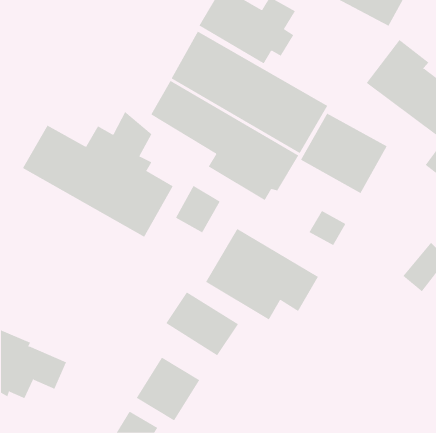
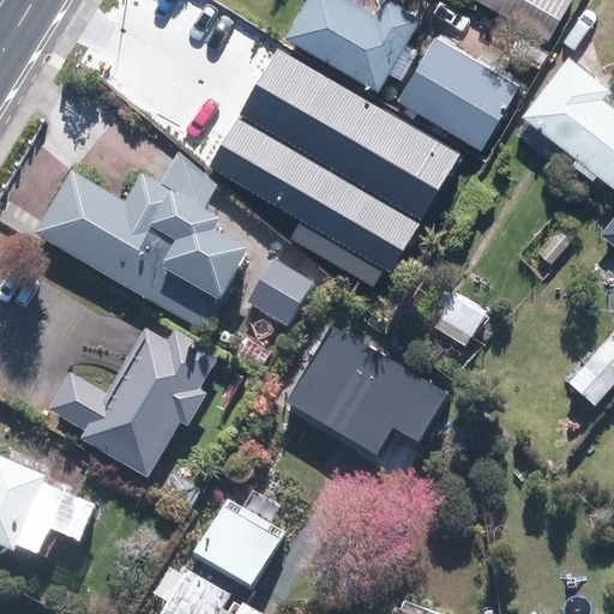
building: [300,113,387,194] -> [396,35,518,149]
building: none -> [48,330,216,481]
building: [165,291,239,356] -> none

